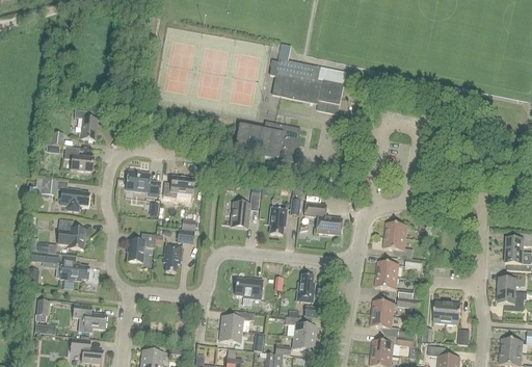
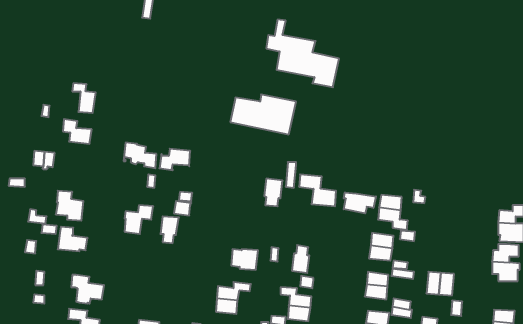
building: [60,187,88,210] -> none
building: [231,194,259,227] -> none
building: none -> [344,192,376,213]

